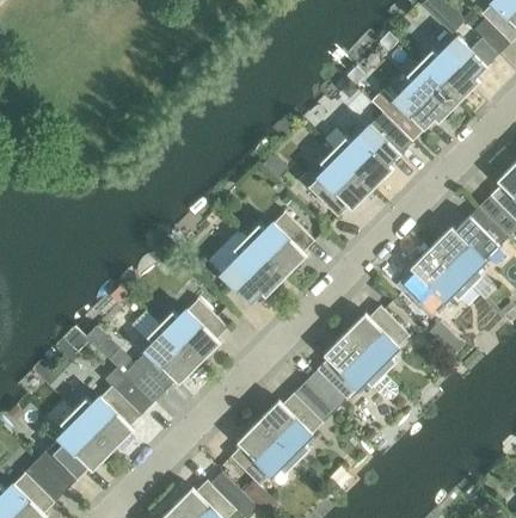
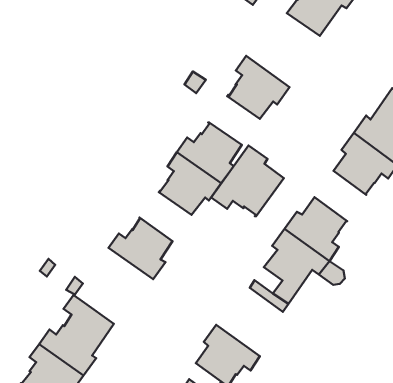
building: [333,112,400,189] -> none
building: none -> [211,146,284,216]
building: [124,323,201,402] -> none
building: [258,393,324,460] -> none

